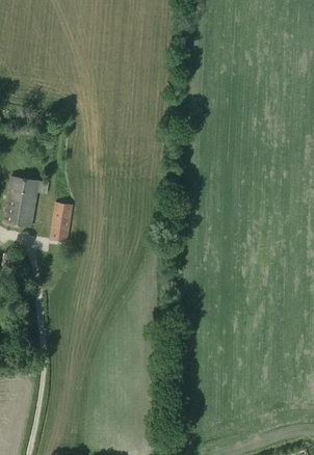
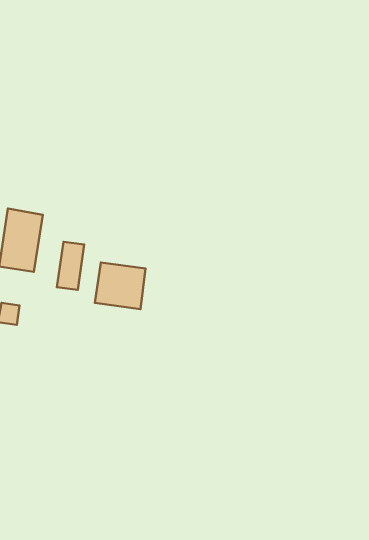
building: none -> [95,262,146,309]

